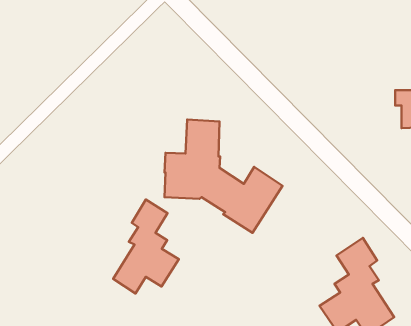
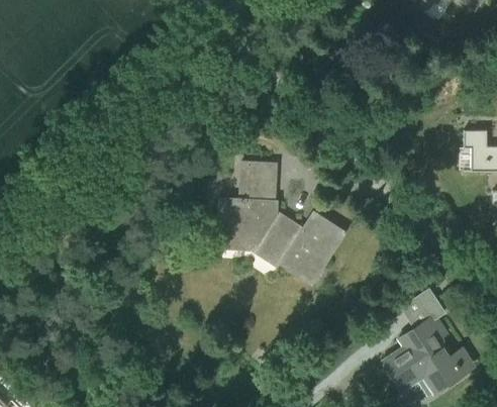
building: [113,199,179,293] -> none

